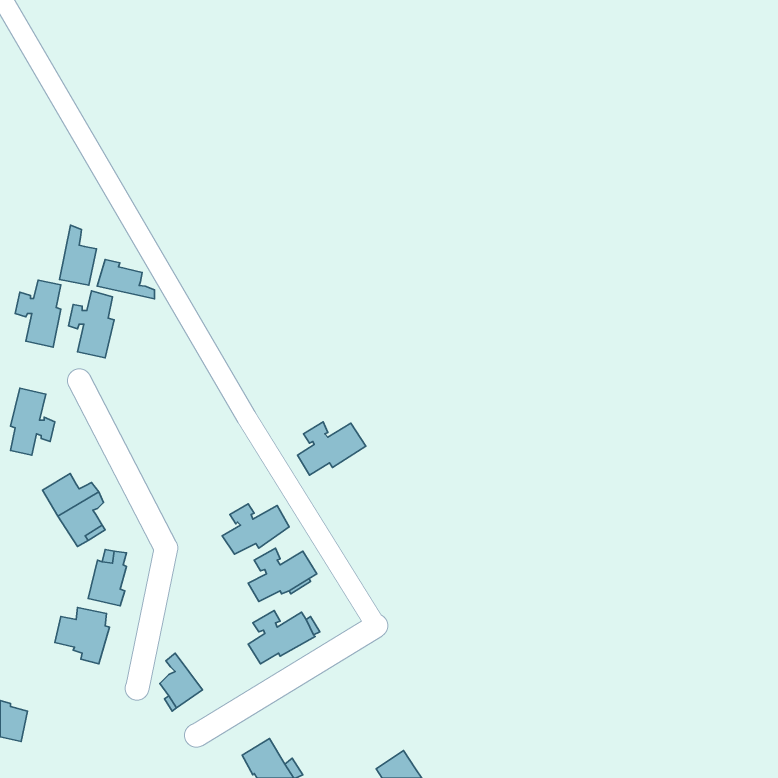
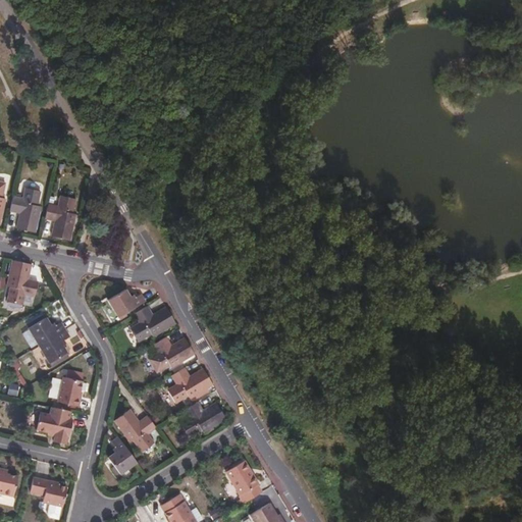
building: [60,225,96,285] -> none
building: [97,260,155,299] -> none
building: [297,422,366,475] -> [130,306,176,342]
building: none -> [109,289,145,316]
building: none -> [114,409,156,452]
building: none -> [225,460,260,503]
building: none -> [31,477,68,507]

